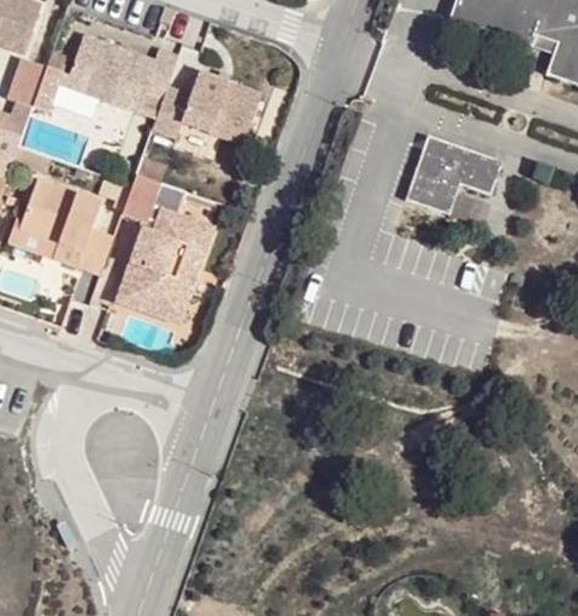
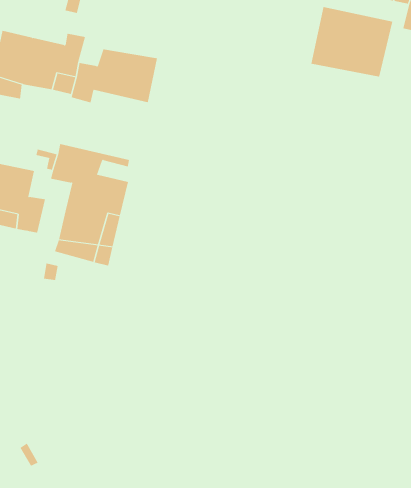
building: [408,136,508,224] -> [311,6,393,77]

